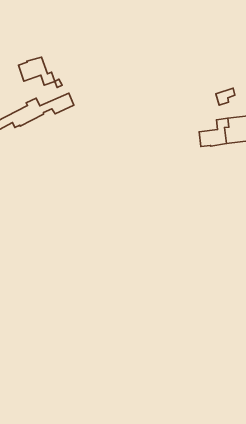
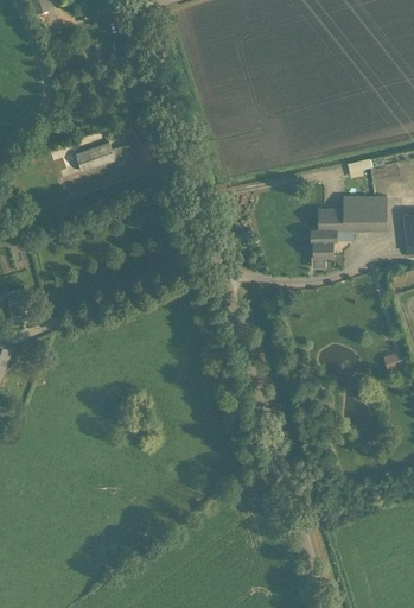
building: [18,57,55,85] -> none
building: none -> [310,230,332,268]

